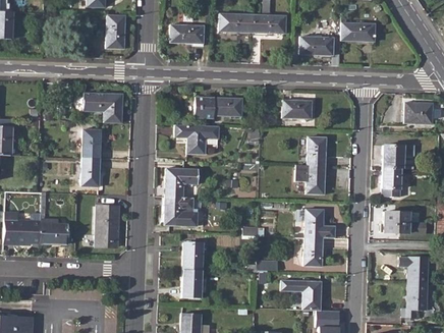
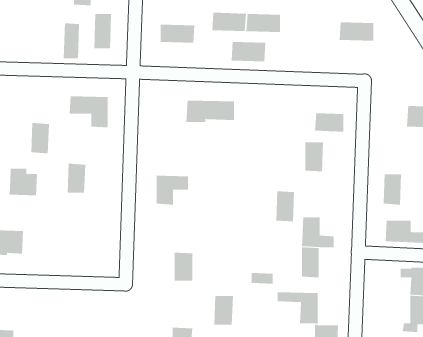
building: none -> [63,22,80,59]
building: [299,36,333,55] -> [231,41,266,62]
building: [282,100,311,118] -> [314,113,344,132]
building: [175,124,218,154] -> none
building: [82,128,101,158] -> [30,123,50,154]
building: [383,145,414,168] -> none
building: [307,164,325,193] -> [275,191,295,222]
building: [165,196,198,225] -> none
building: [96,205,119,246] -> none
building: [40,218,67,244] -> [9,168,38,196]
building: [182,269,202,297] -> [213,295,234,325]

